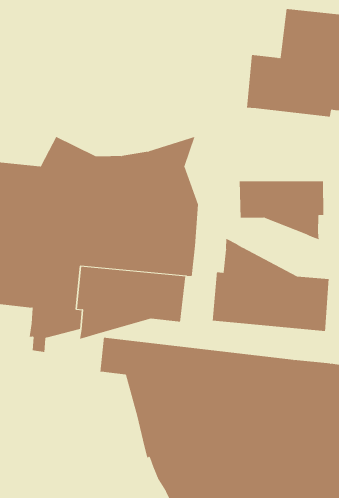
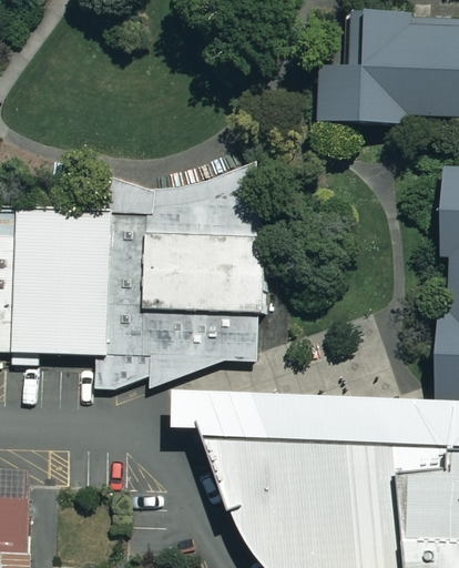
building: [239,181,324,240] -> none
building: [212,238,329,332] -> none

